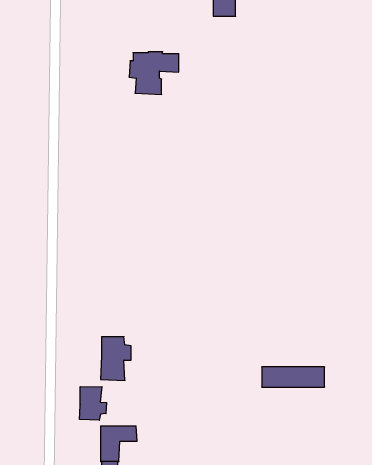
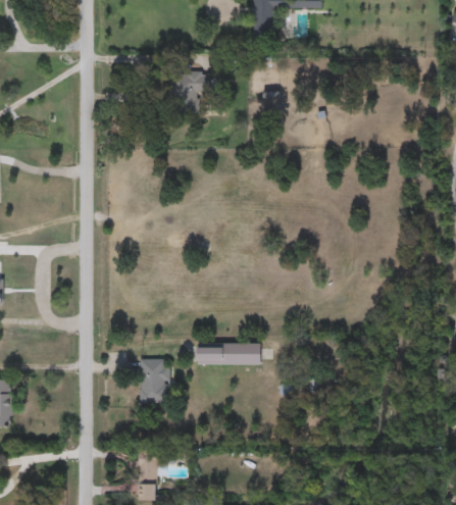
building: [262,367,325,387] -> [198,342,261,362]
building: [80,387,107,420] -> none

